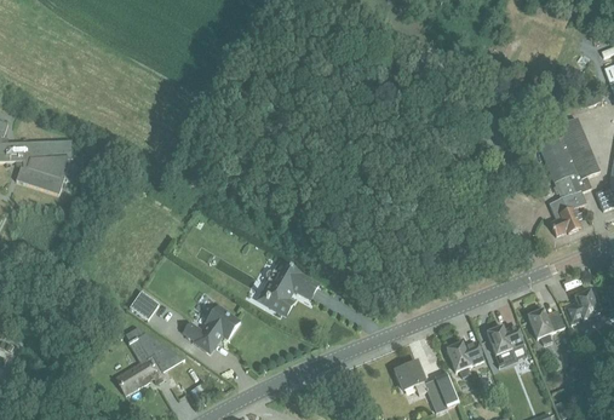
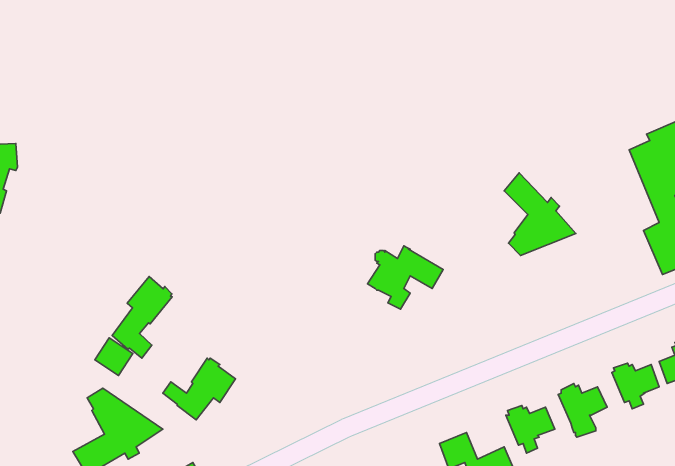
building: none -> [504,173,576,256]
building: none -> [112,276,172,358]
building: [259,265,317,313] -> [367,246,443,309]

